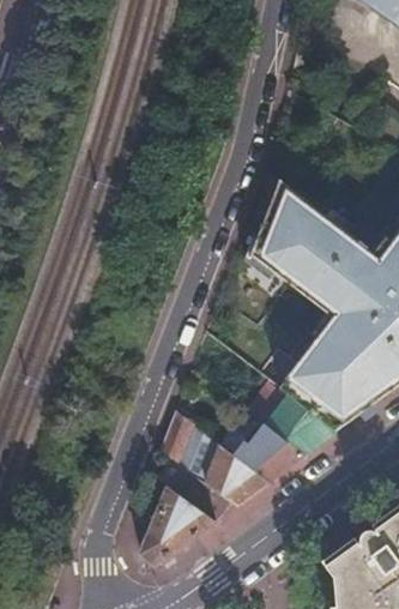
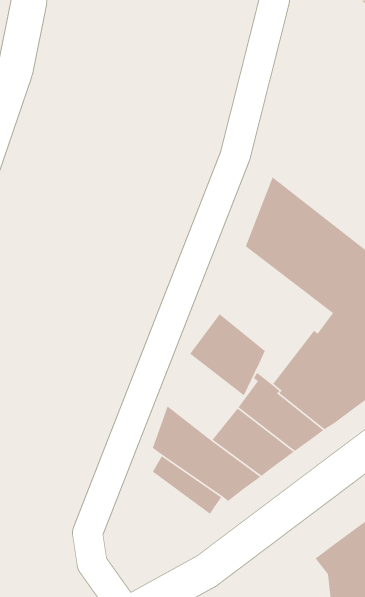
building: none -> [189,313,266,396]
building: [139,487,213,565] -> none

